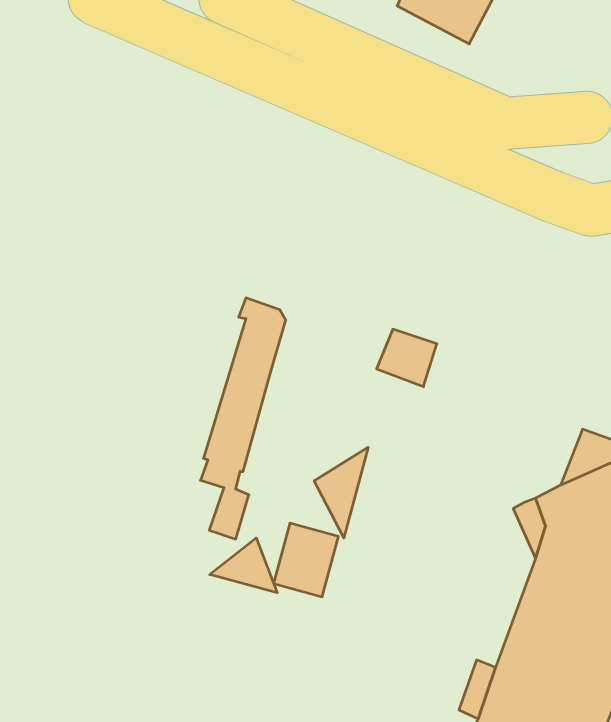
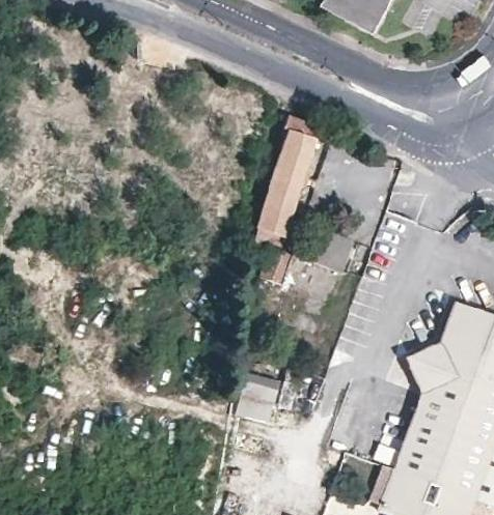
building: [200,298,286,539] -> [256,116,317,286]
building: [314,447,368,538] -> none
building: [210,538,277,593] -> none

